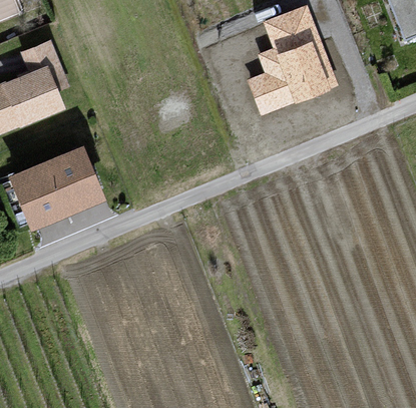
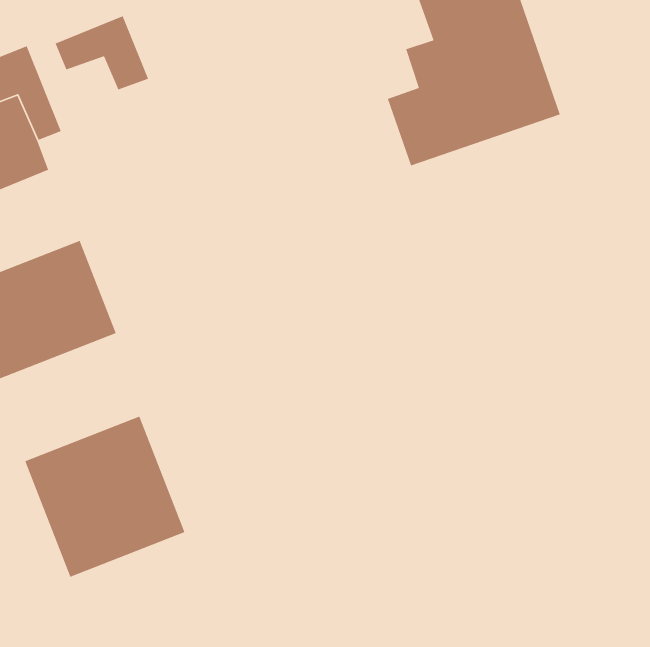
building: none -> [54,15,149,91]
building: none -> [24,416,185,578]

